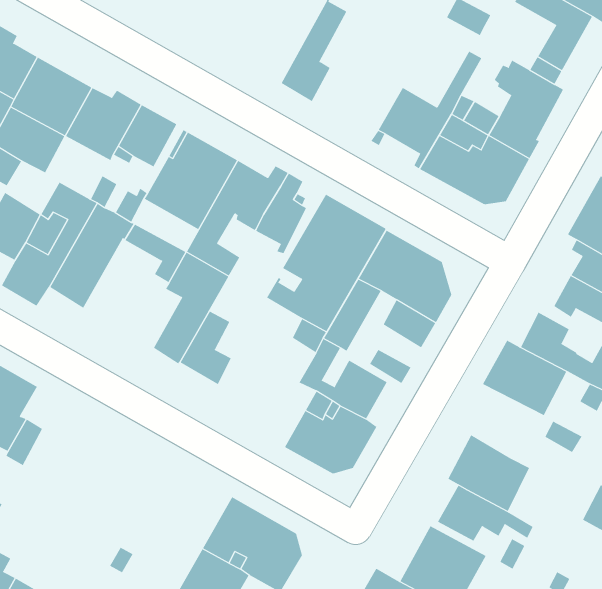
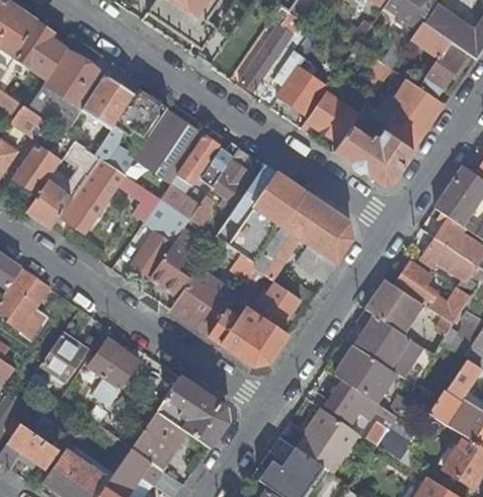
building: none -> [258,49,325,114]
building: none -> [171,269,232,335]
building: none -> [353,310,412,378]
building: none -> [37,333,87,384]
building: none -> [87,338,140,406]

